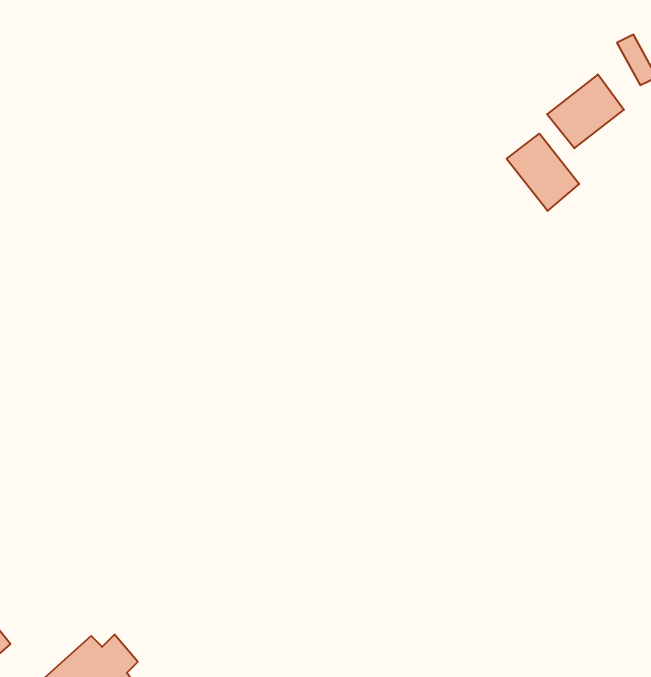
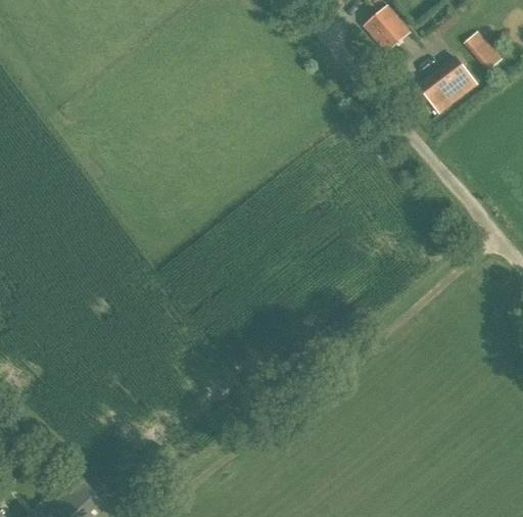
building: none -> [362,6,408,52]
building: [507,134,579,211] -> none

